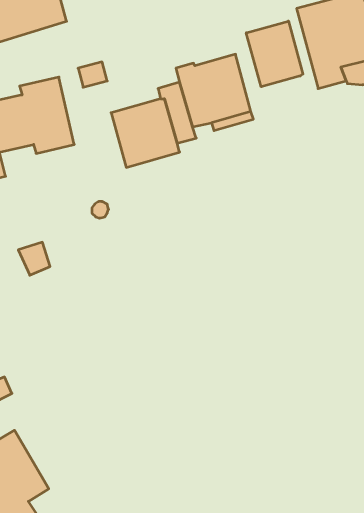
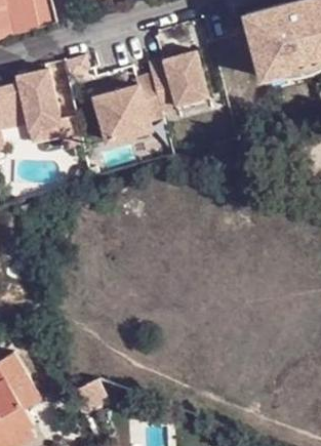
building: [246,21,303,87] -> none
building: none -> [31,119,82,148]

